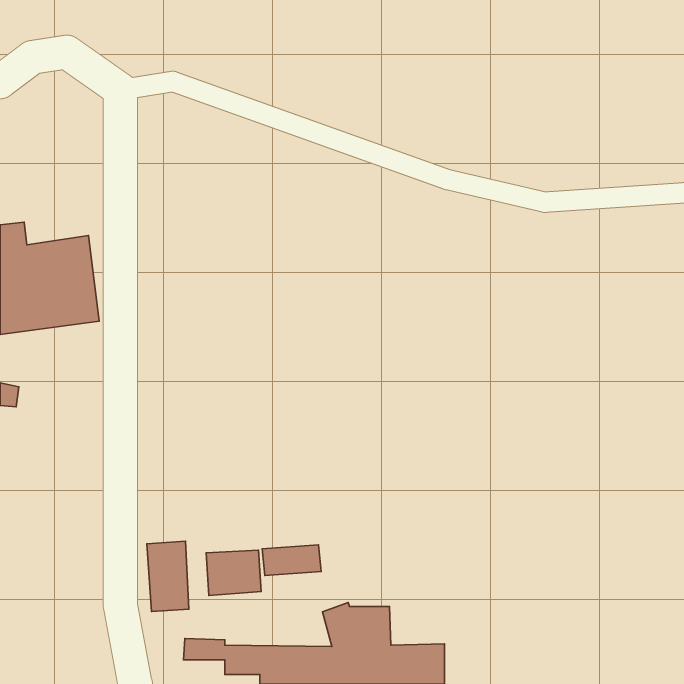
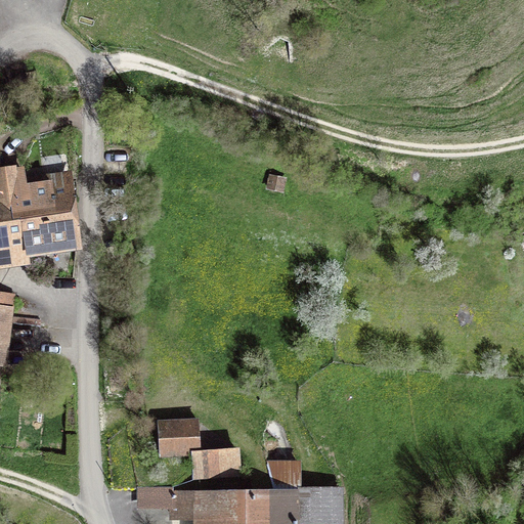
building: [147,541,189,611] -> none
building: [262,545,321,576] -> [194,452,239,476]

